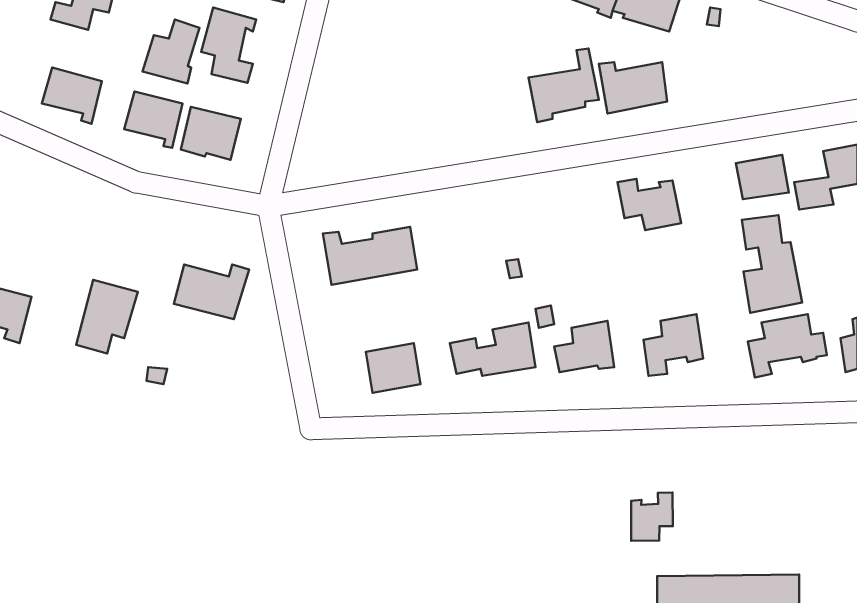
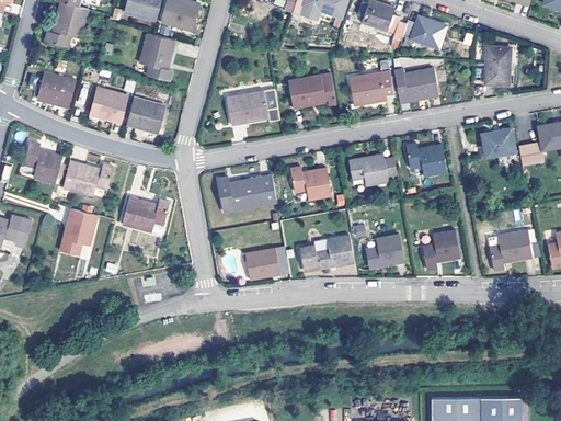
building: [143,20,200,84] -> none
building: none -> [484,45,510,84]
building: none -> [287,73,334,109]
building: none -> [226,88,279,125]
building: none -> [23,140,61,181]
building: none -> [348,152,396,185]
building: none -> [62,160,113,194]
building: none -> [289,166,331,200]
building: [742,215,802,313] -> none
building: [631,493,673,541] -> none

